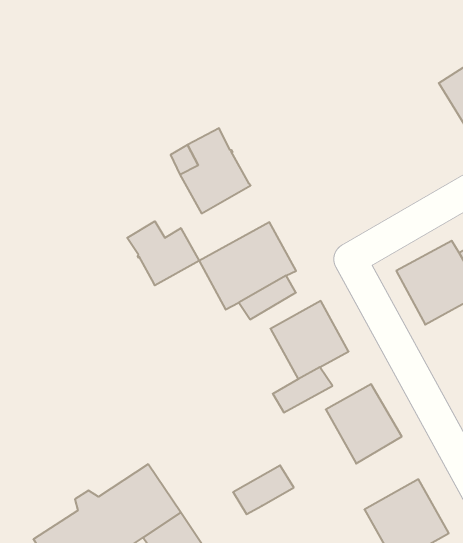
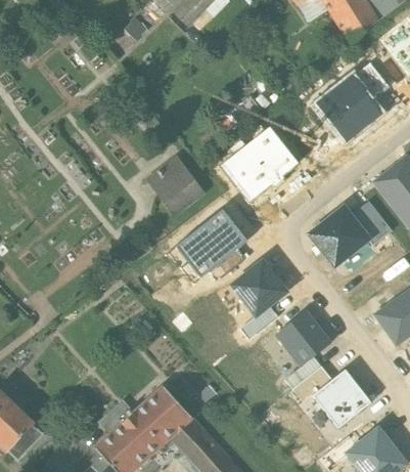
building: none -> [219,126,299,203]
building: [127,221,199,285] -> none
building: [233,465,294,514] -> [292,367,332,402]

